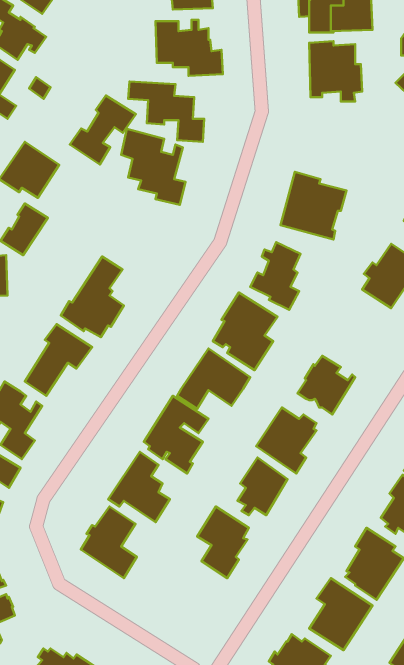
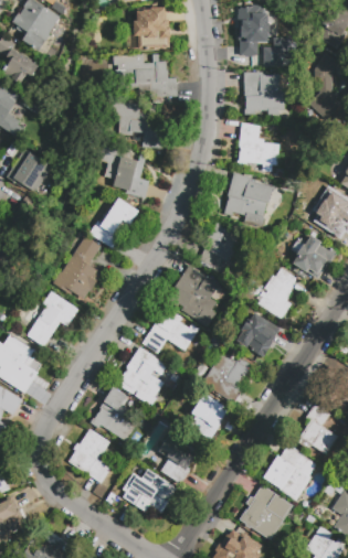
building: [70,96,136,164] -> [89,196,140,249]
building: none -> [236,122,280,175]
building: none -> [256,268,296,321]
building: none -> [119,474,178,514]

